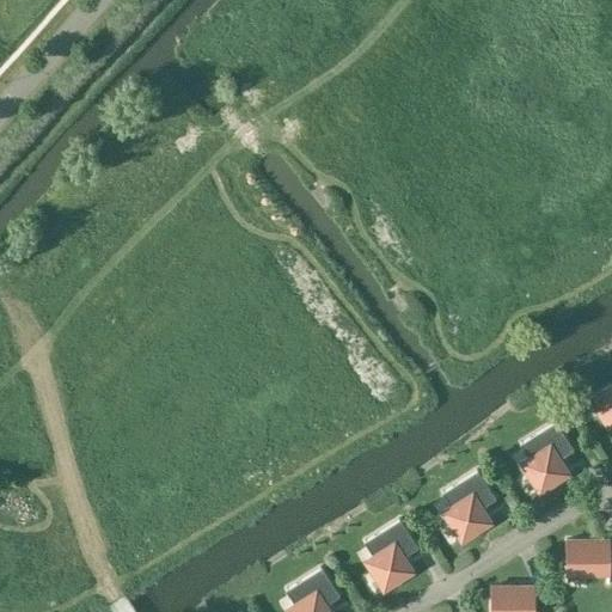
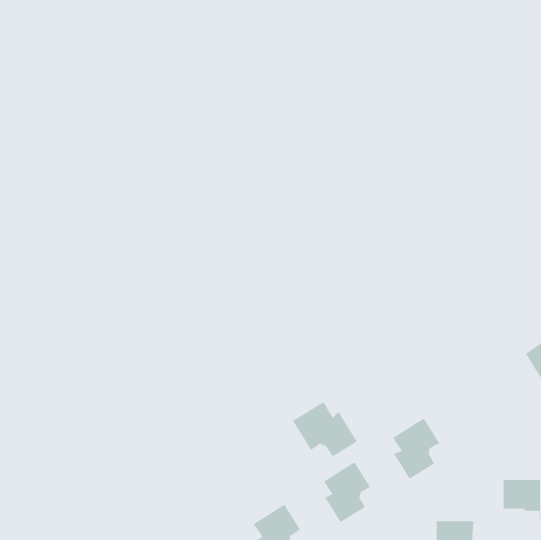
building: [521,424,575,494] -> none
building: none -> [292,401,358,457]

